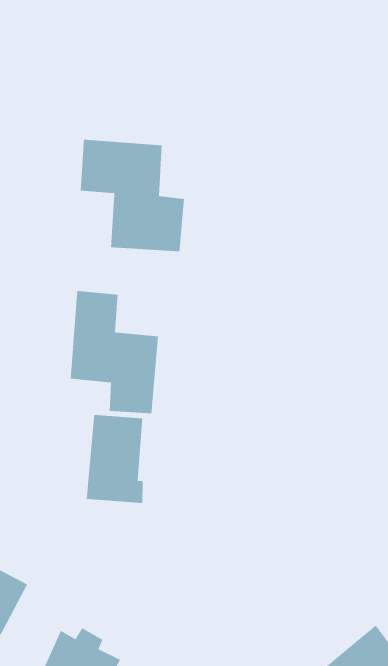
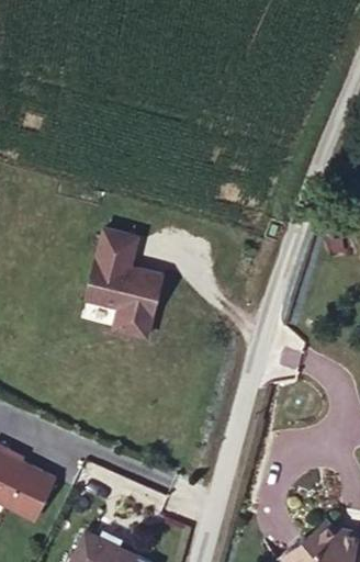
building: [80,139,185,252] -> none
building: [86,414,144,504] -> none

